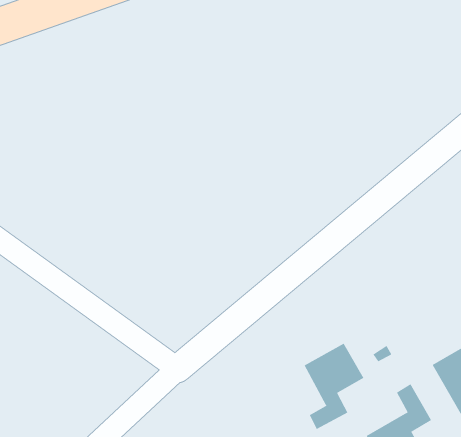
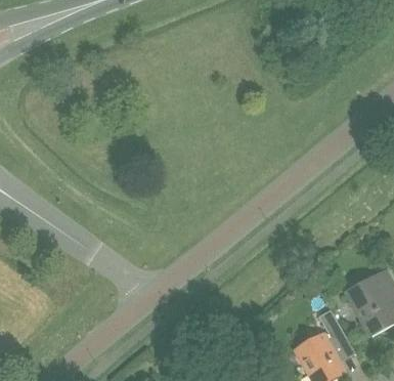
building: [304,343,364,430] -> none

